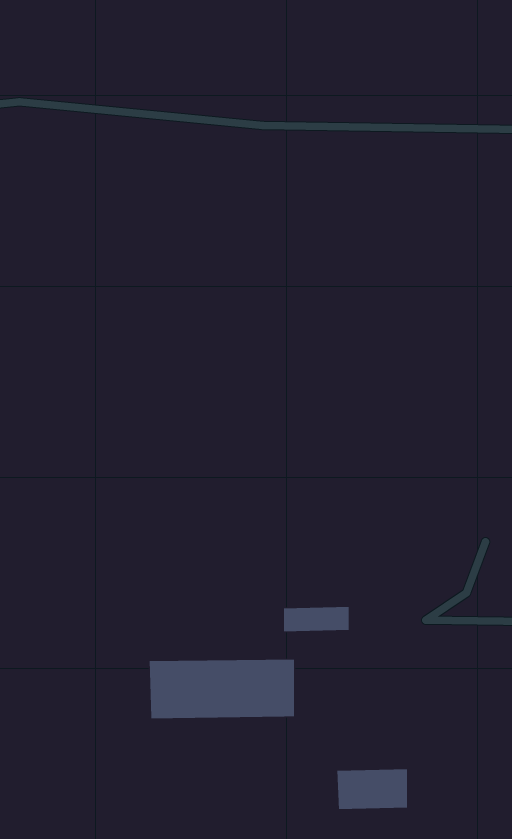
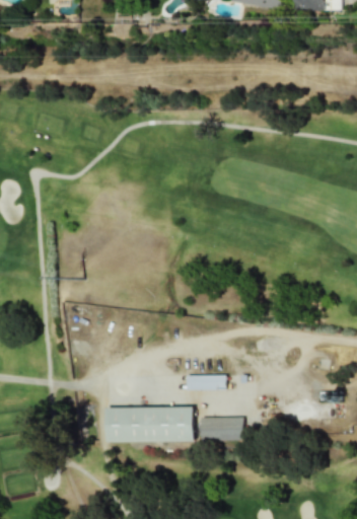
building: [337,769,408,810] -> [199,416,241,440]

